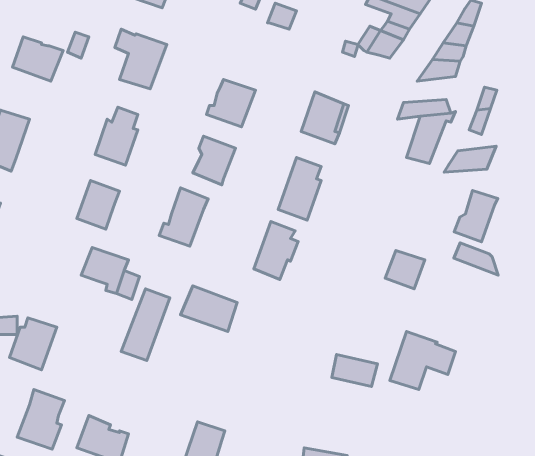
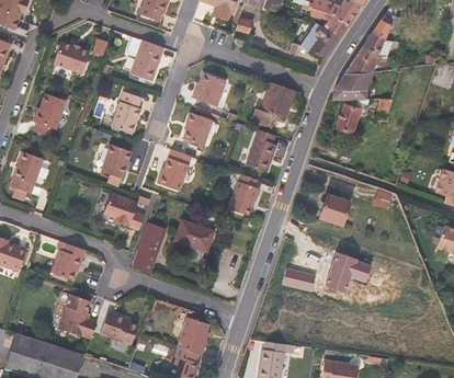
building: [444,146,496,172] -> [334,69,372,88]
building: [454,190,498,242] -> none

